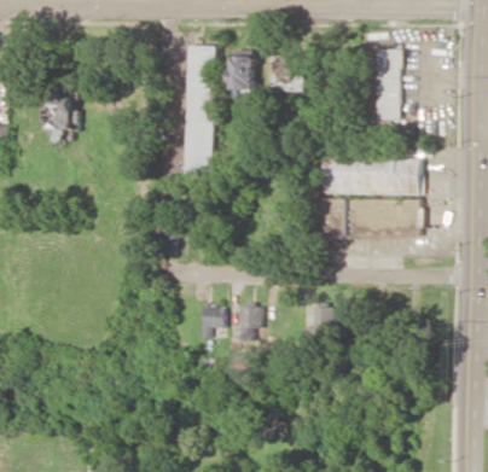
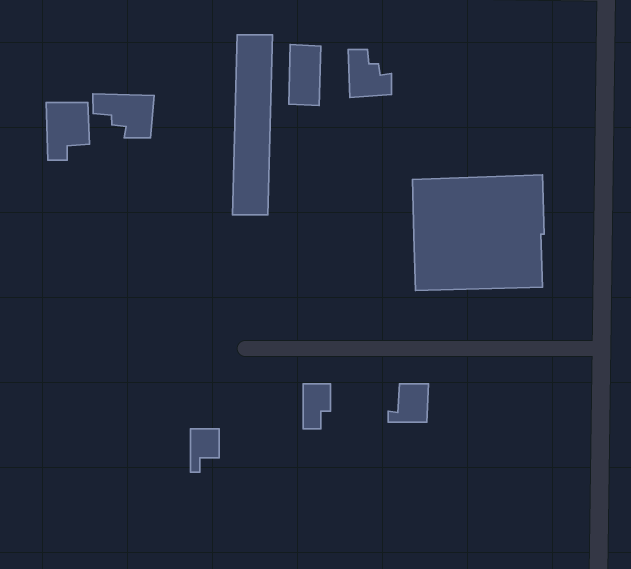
building: [374,49,400,120] -> none
building: none -> [93,94,154,138]
building: [202,305,223,338] -> [190,429,219,472]

